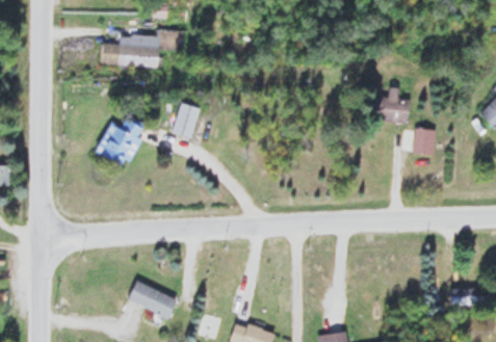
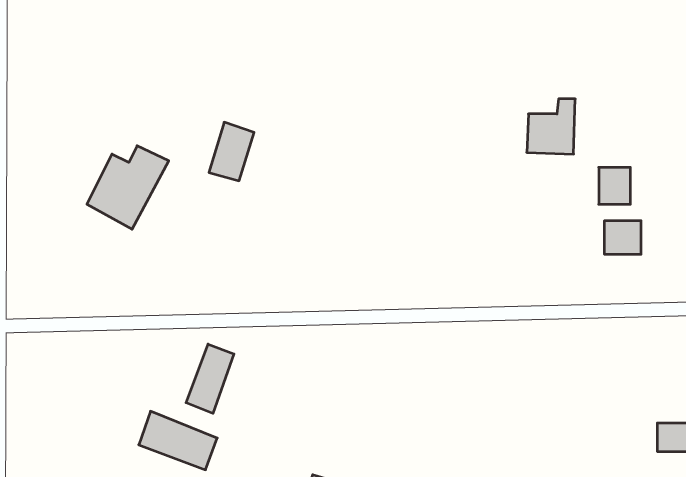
building: [100,30,185,68] -> none
building: none -> [605,221,641,254]
building: none -> [186,344,234,413]

